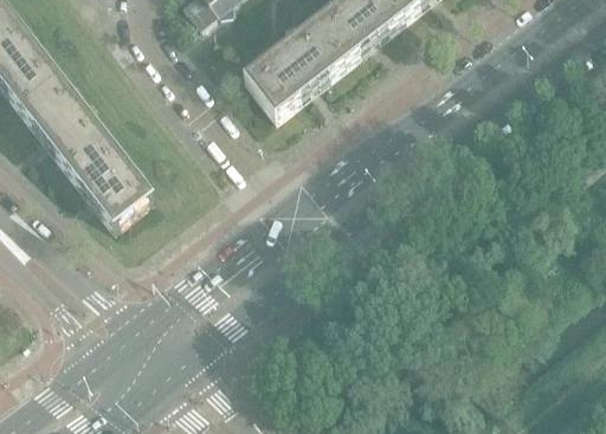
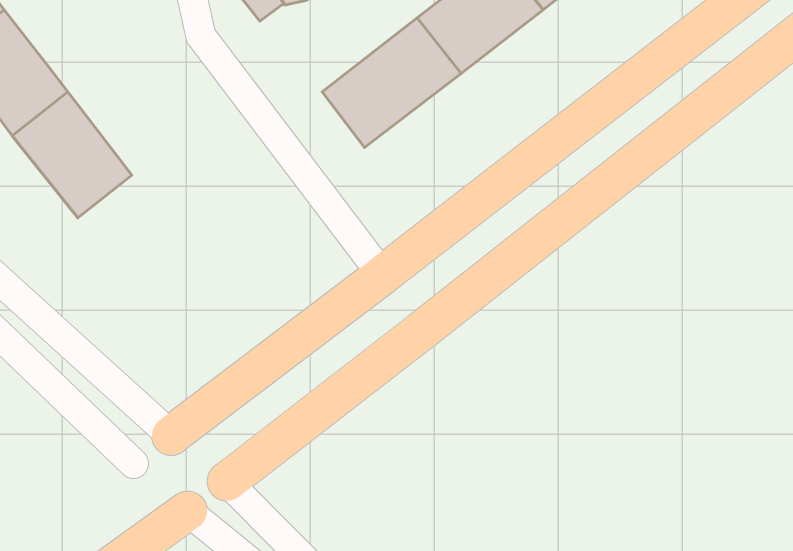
building: [65,131,152,222] -> none

